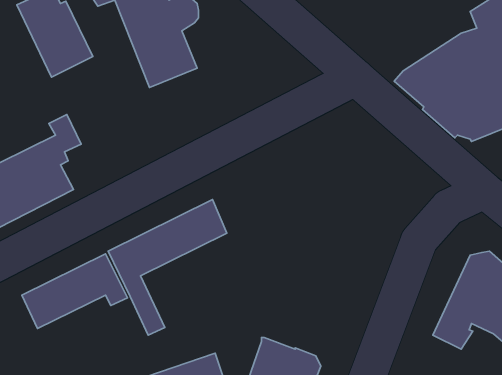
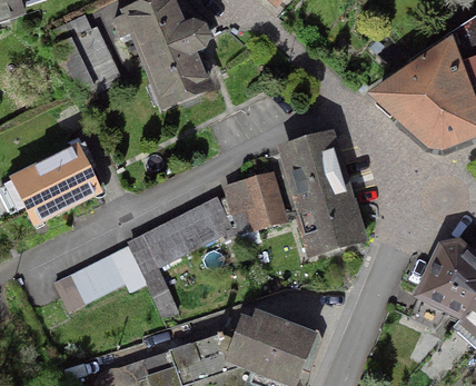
building: none -> [284,137,356,251]
building: none -> [225,174,280,228]

